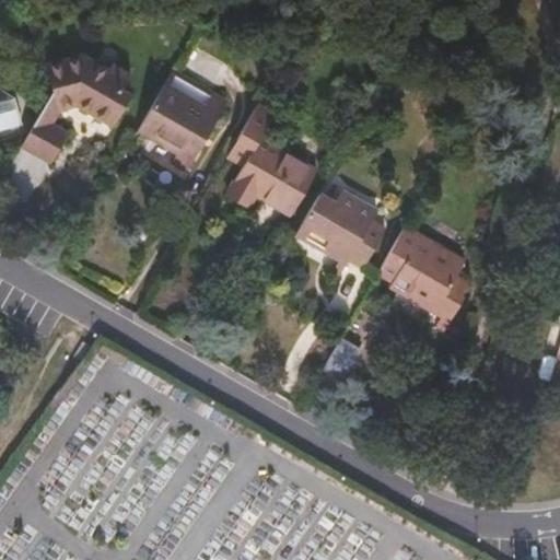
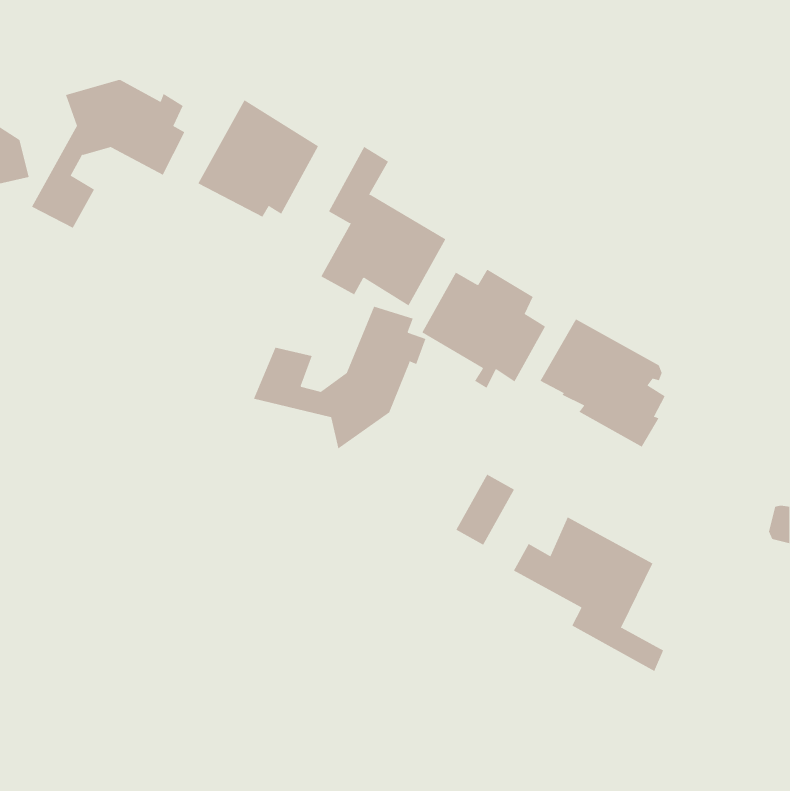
building: none -> [253,306,426,450]
building: none -> [513,516,664,672]

